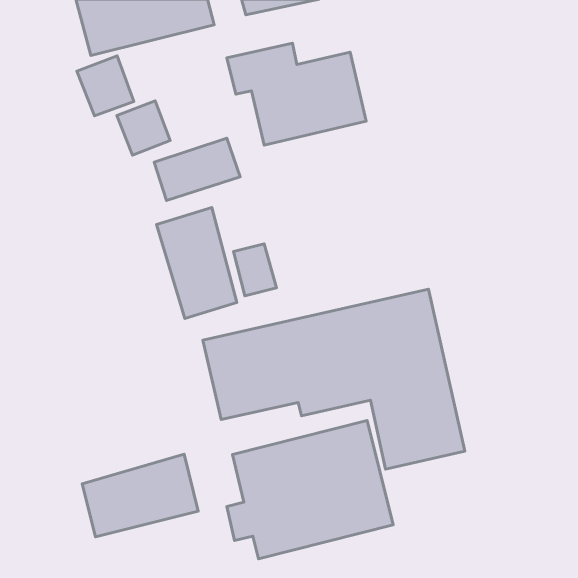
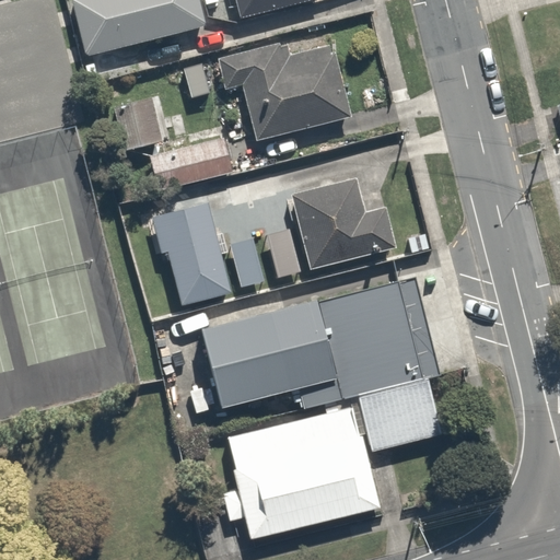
building: [77,56,134,116] -> none
building: none -> [266,179,401,277]
building: [82,454,198,537] -> none

